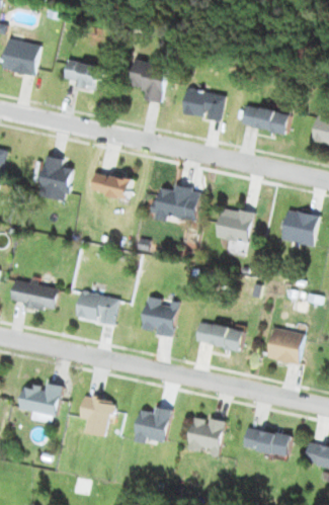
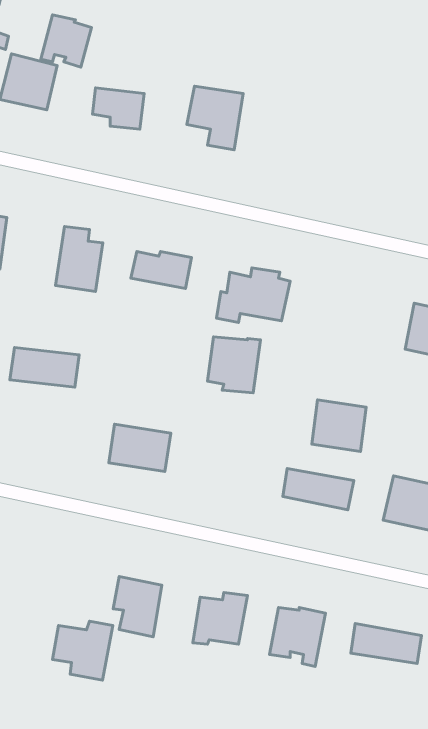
building: none -> [41,15,91,67]
building: [182,89,226,120] -> none
building: [241,105,290,134] -> none
building: [215,207,252,243] -> [312,400,366,452]
building: [11,281,59,309] -> [10,347,79,387]
building: [142,299,178,337] -> [208,337,261,393]
building: [19,383,61,423] -> [52,621,113,680]

